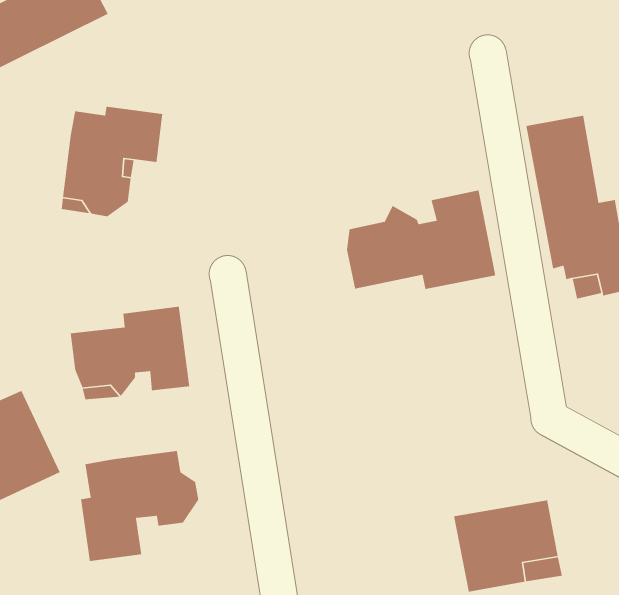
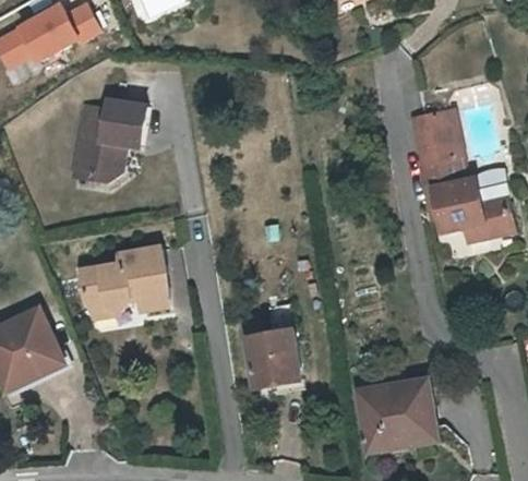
building: [346,190,496,290] -> none
building: none -> [244,329,311,390]
building: [80,450,199,562] -> none

